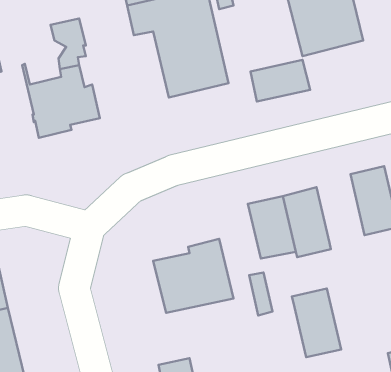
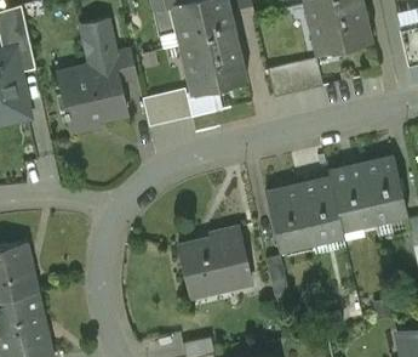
building: none -> [107,50,138,84]
building: none -> [147,87,195,124]
building: [292,289,341,357] -> [328,165,374,229]

